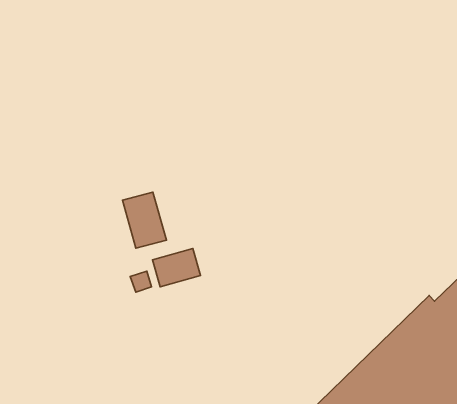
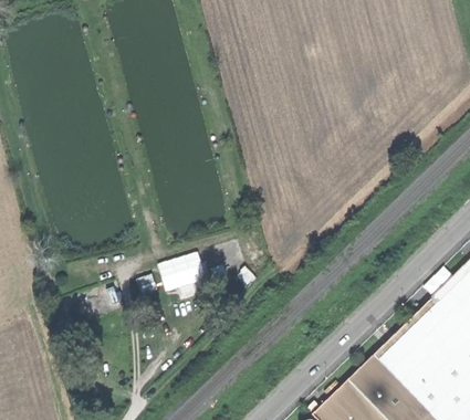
building: [122,192,166,248] -> none

